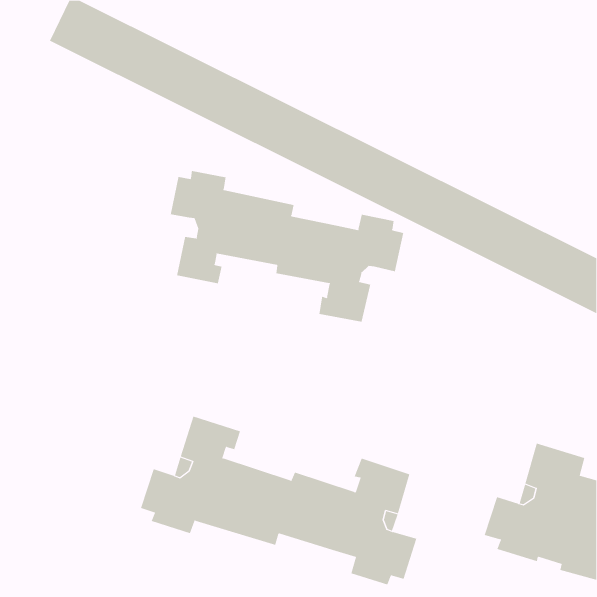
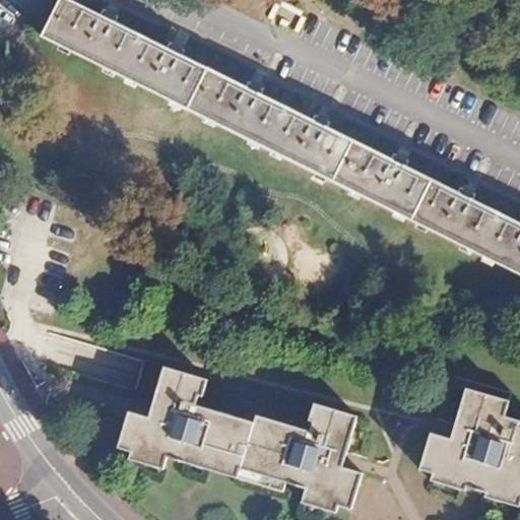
building: [170,170,404,322] -> none

